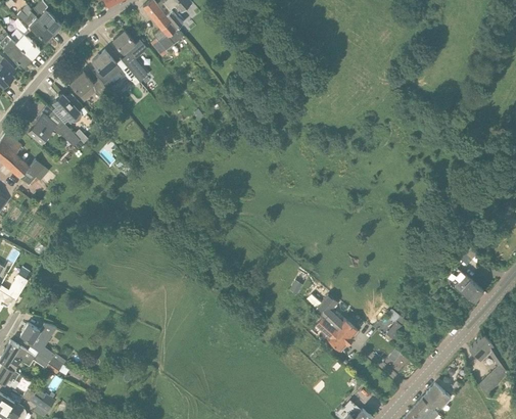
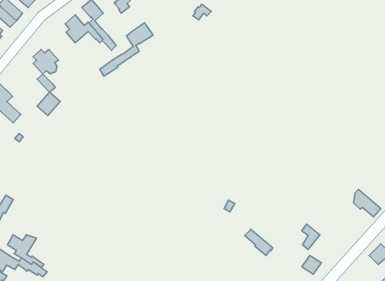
building: none -> [100,23,153,76]
building: [69,73,109,99] -> none
building: [28,114,56,143] -> [37,92,60,115]
building: [306,295,357,340] -> none

